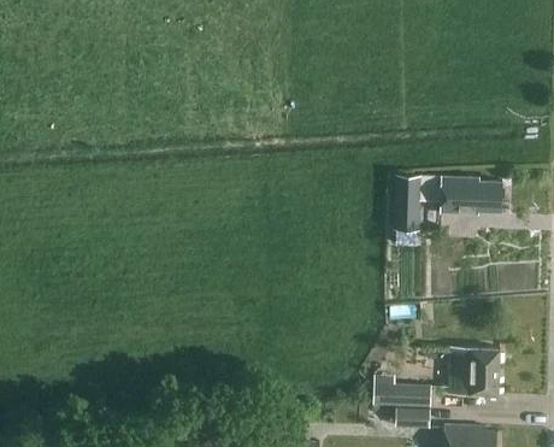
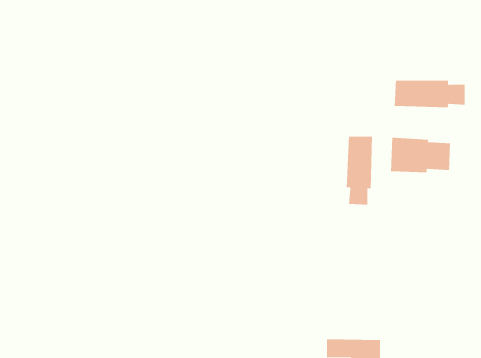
building: none -> [394,80,465,108]
building: [447,347,499,395] -> none

